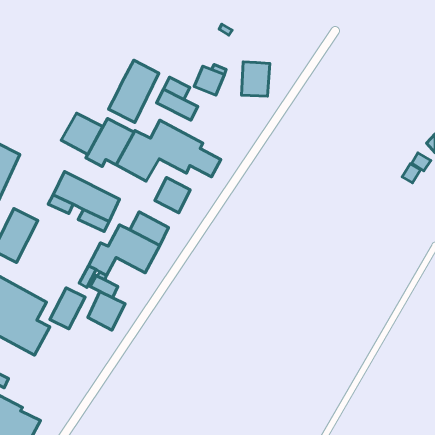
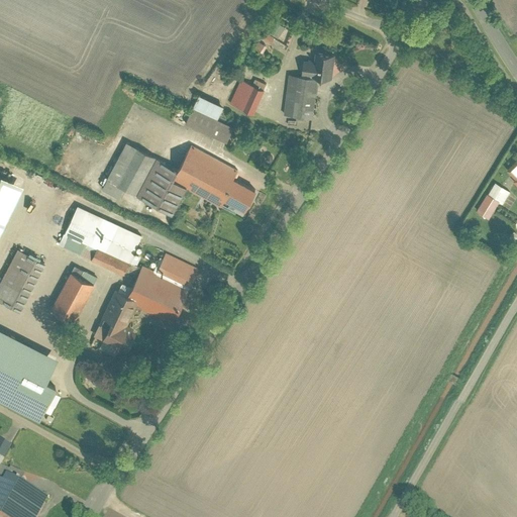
building: none -> [301,55,332,79]
building: [109,60,159,123] -> none
building: [61,113,103,155] -> none
building: [155,177,190,213] -> none
building: [50,288,85,329] -> [54,274,95,322]
building: [88,291,125,330] -> none

